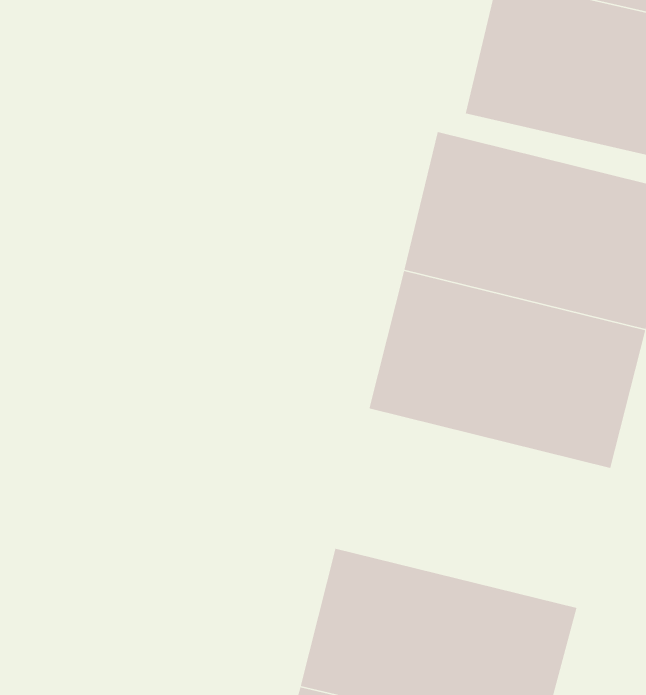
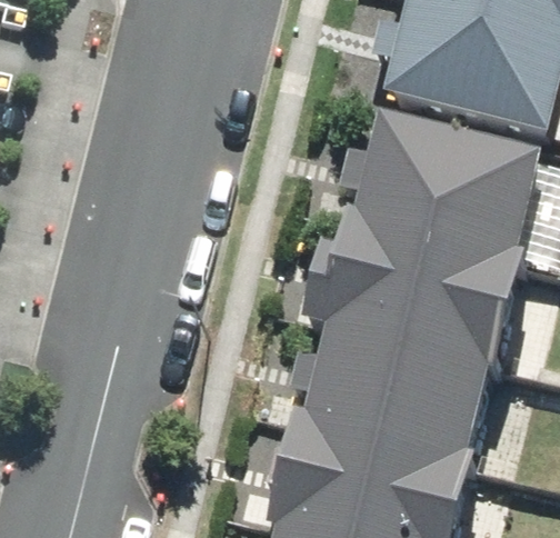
building: none -> [287,319,497,470]

